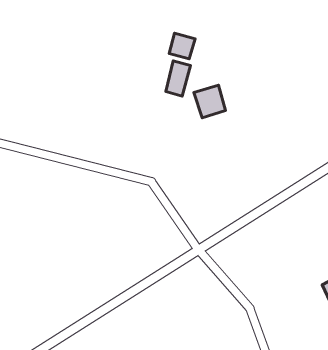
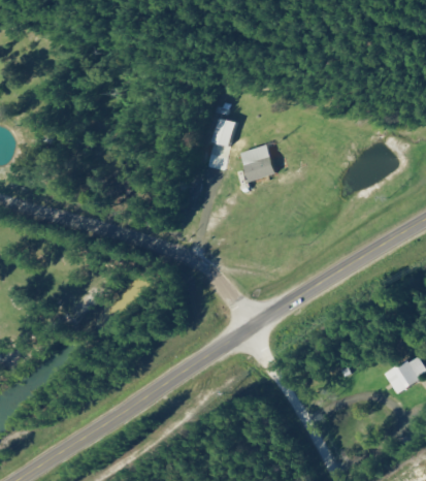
building: [169,33,195,59] -> none

